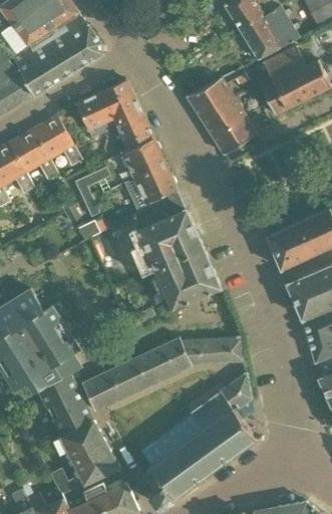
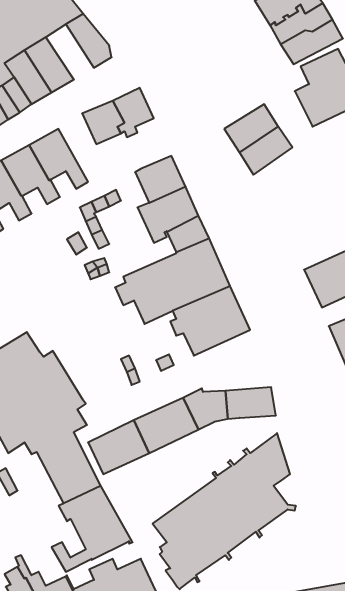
building: [46,26,87,73] -> none
building: [187,67,248,115] -> none
building: [115,106,153,150] -> none

